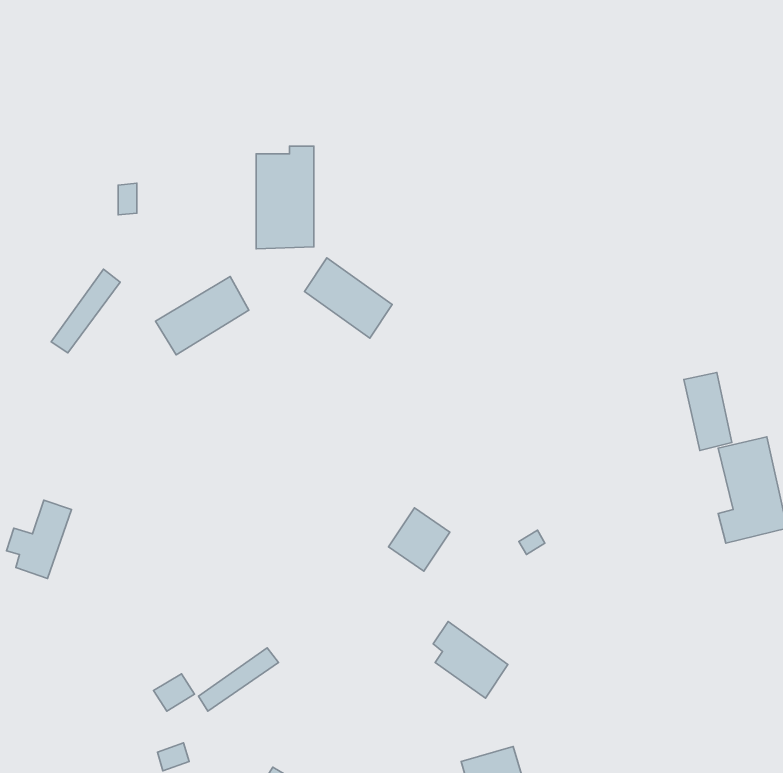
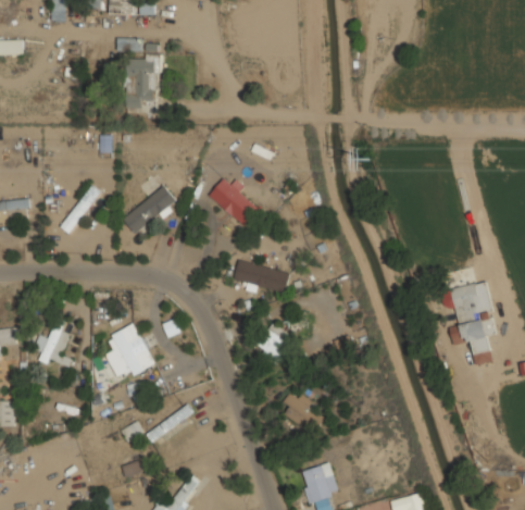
building: [256,146,314,249] -> [124,54,158,114]
building: [684,372,732,451] -> none
building: none -> [234,261,290,294]
building: none -> [103,323,154,377]

